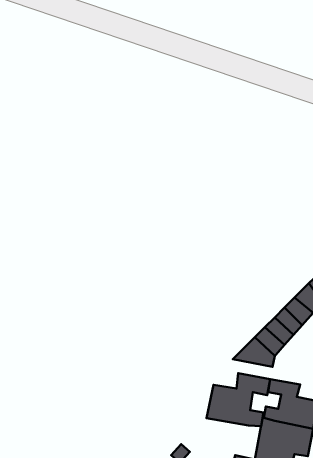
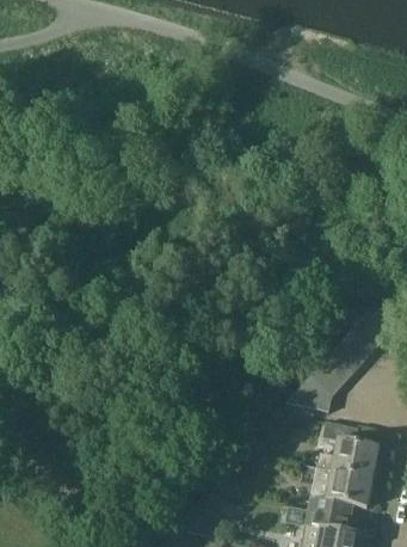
building: [207,373,270,426] -> none

